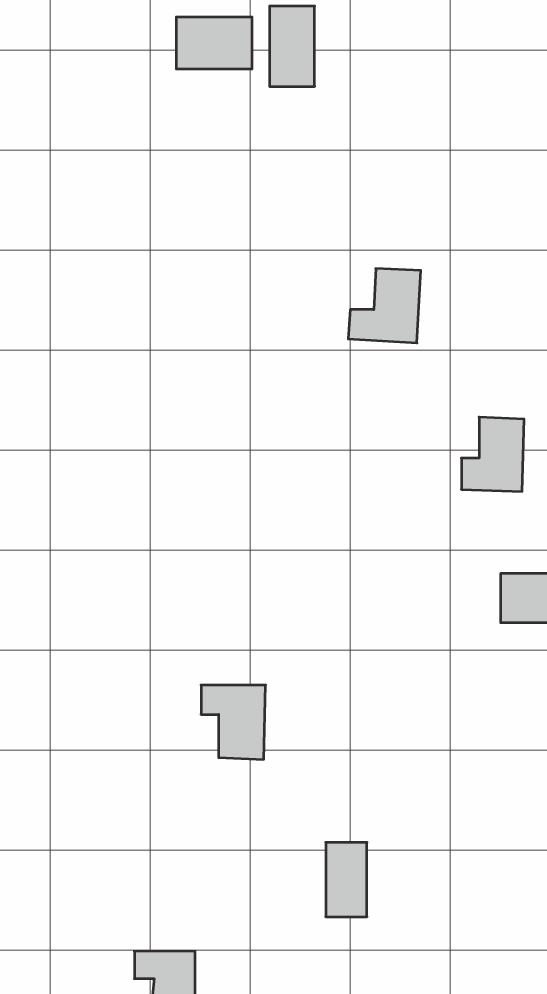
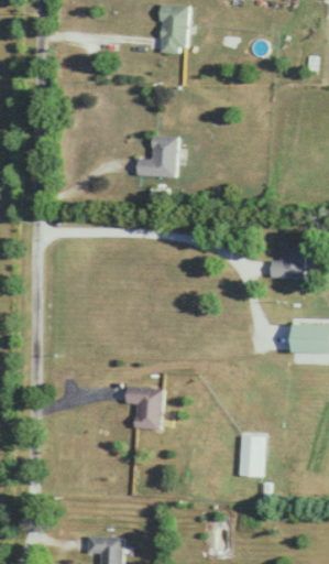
building: [176,17,252,69] -> none
building: [348,269,421,343] -> [138,135,178,177]
building: [326,842,367,917] -> [239,435,262,477]

